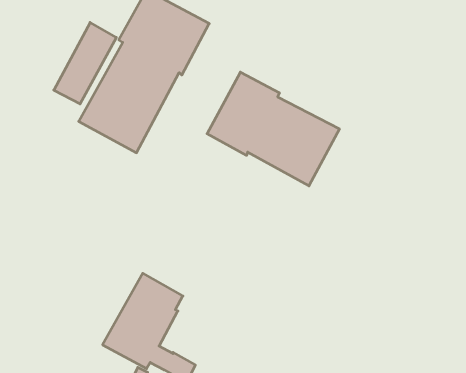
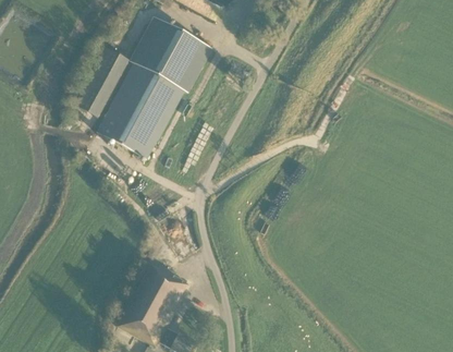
building: [207,72,339,186] -> none

